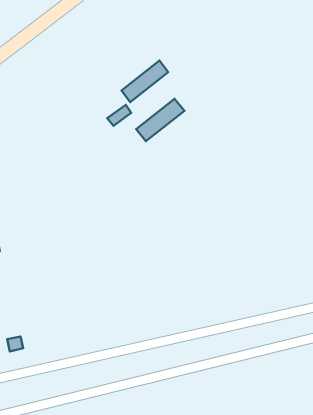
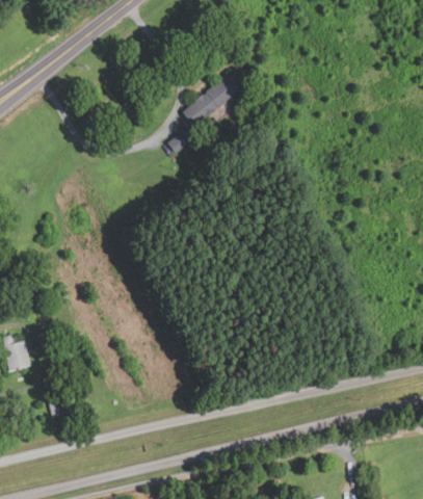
building: [136,99,184,141] -> none

